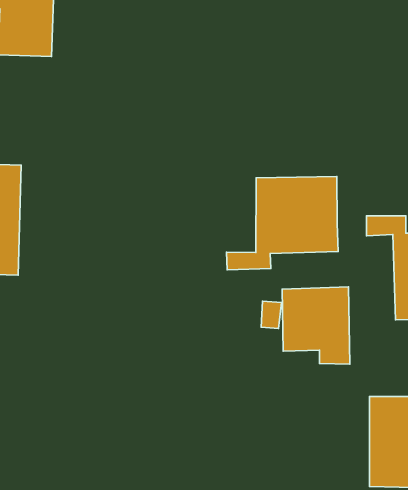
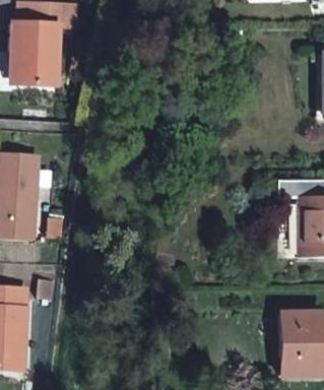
building: [227,177,338,270] -> none
building: [282,287,350,364] -> none

